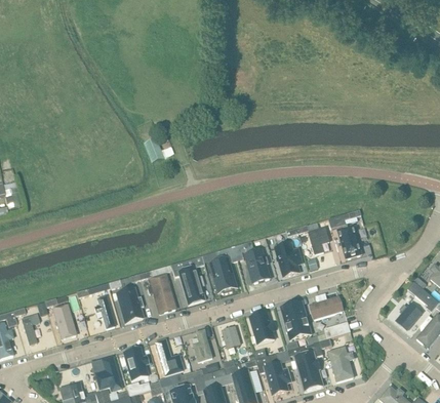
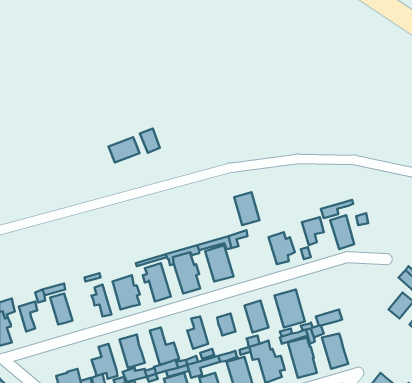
building: none -> [109,137,139,163]
building: [244,248,270,282] -> [234,192,259,225]
building: [309,294,342,320] -> none

